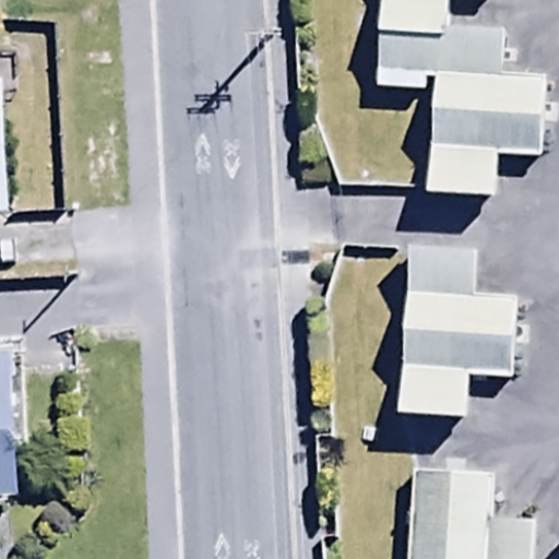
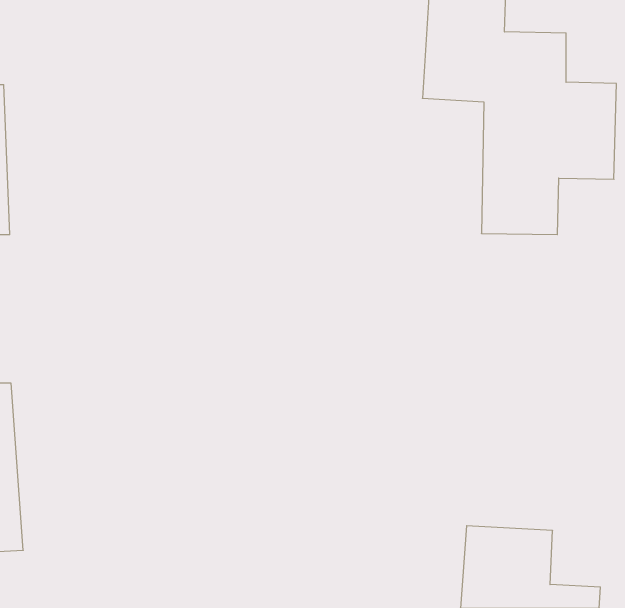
building: [397,245,518,427] -> none

